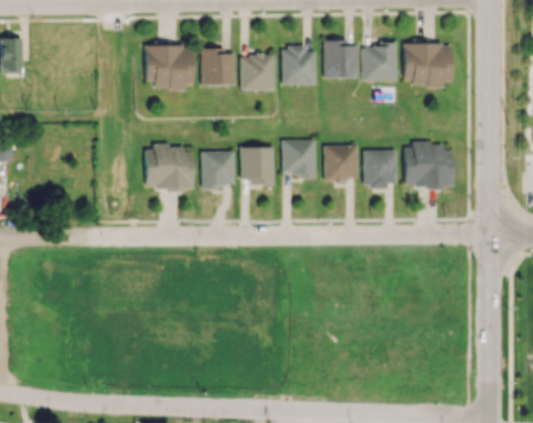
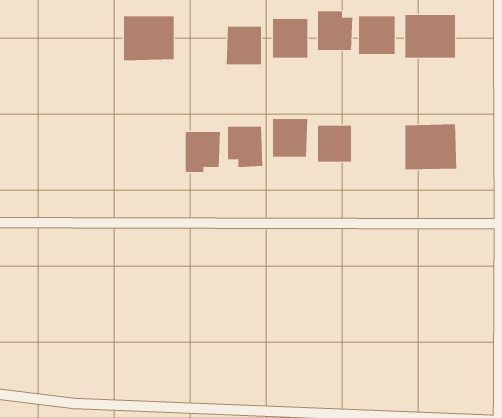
building: [201,49,235,85] -> none
building: [146,146,194,188] -> none
building: [364,150,397,187] -> none

